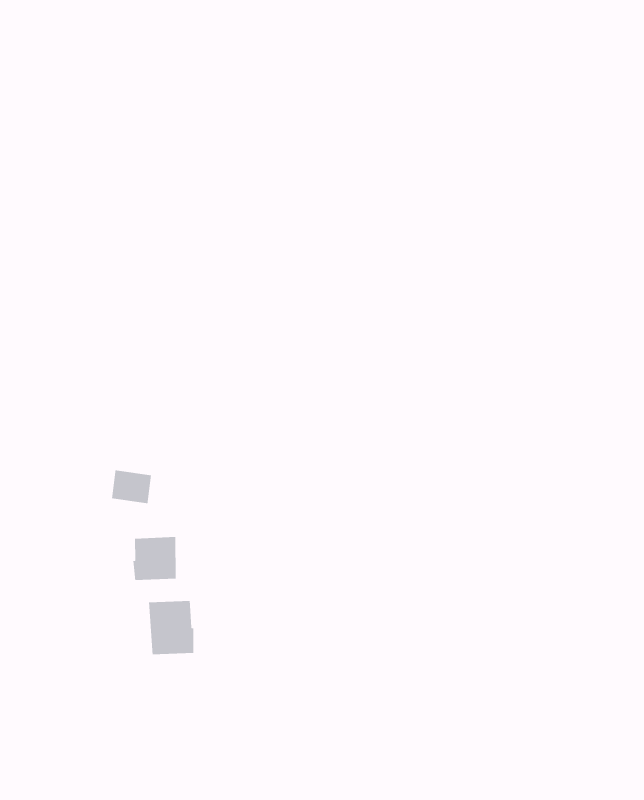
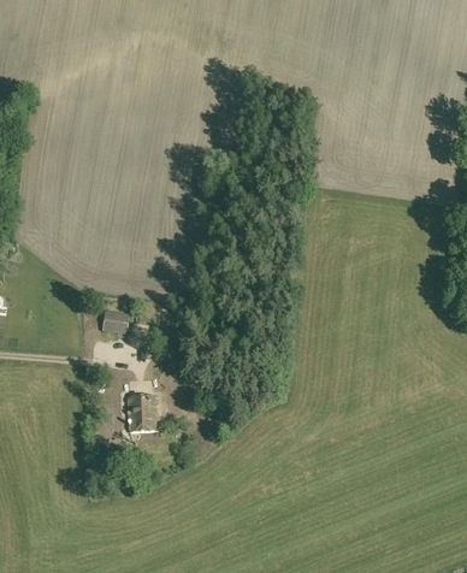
building: [133,536,177,581] -> none

